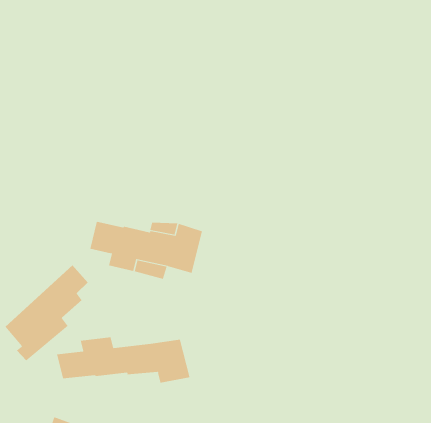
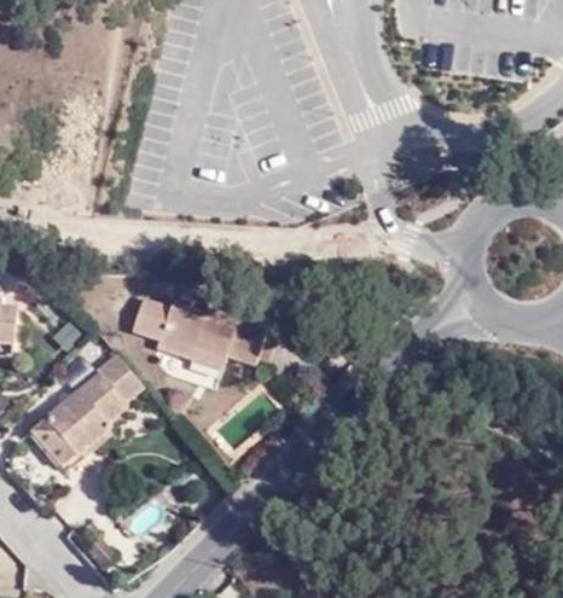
building: [57,336,190,383] -> none

